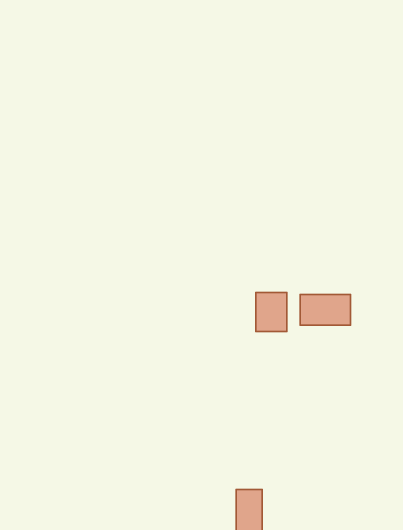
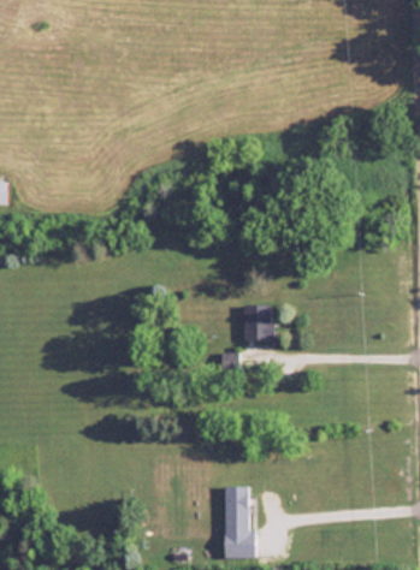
building: [300,294,351,325] -> none

